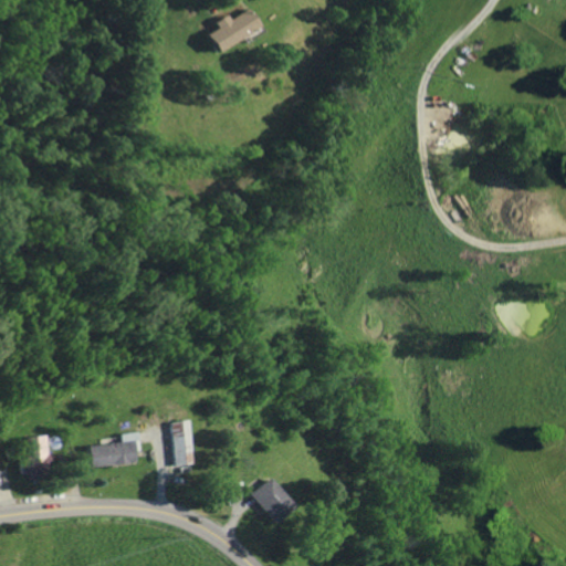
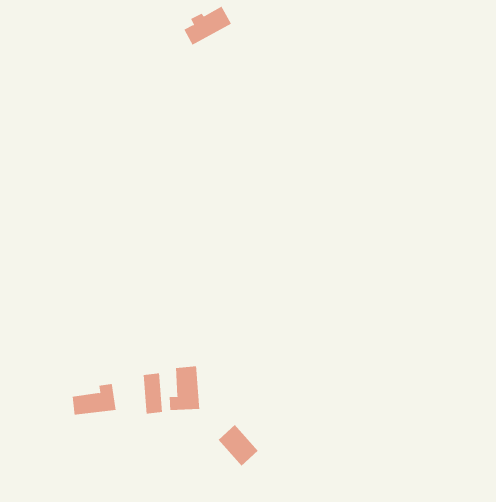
building: none -> [169,366,200,411]
building: [23,436,52,476] -> none

